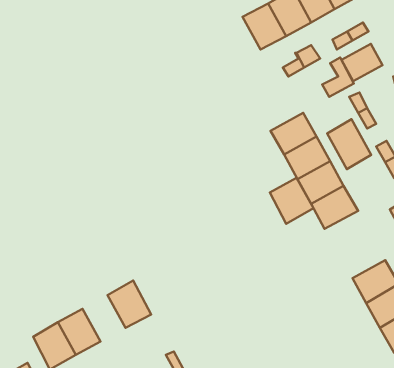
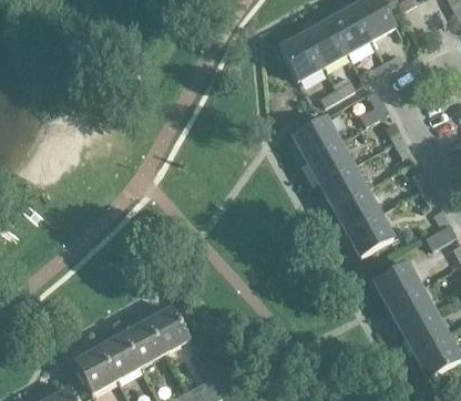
building: [341,44,383,81] -> none
building: none -> [294,115,340,158]
building: [327,119,371,169] -> none
building: [270,178,313,224] -> none
building: none -> [375,260,421,304]
building: none -> [123,320,165,366]

